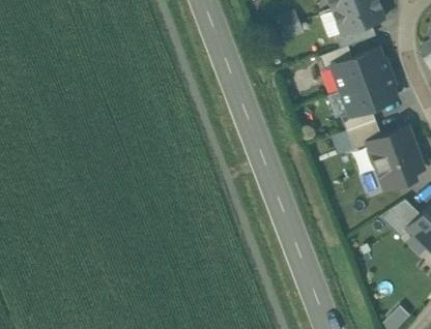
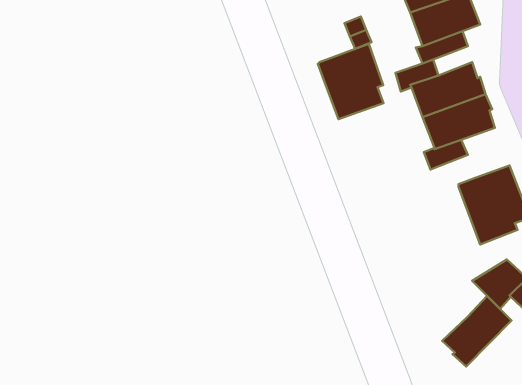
building: none -> [318,44,383,119]
building: [346,120,381,150] -> none
building: none -> [442,296,511,366]

